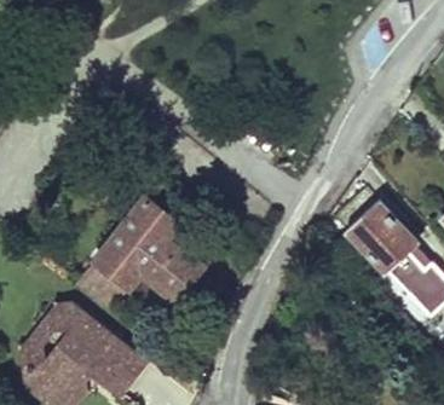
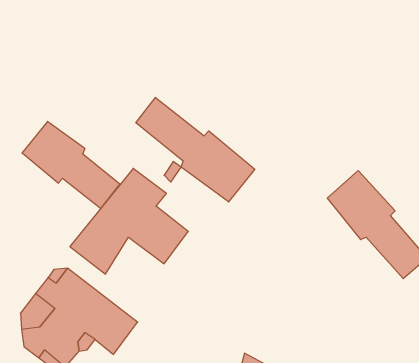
building: none -> [136,97,255,202]
building: none -> [22,121,120,208]

